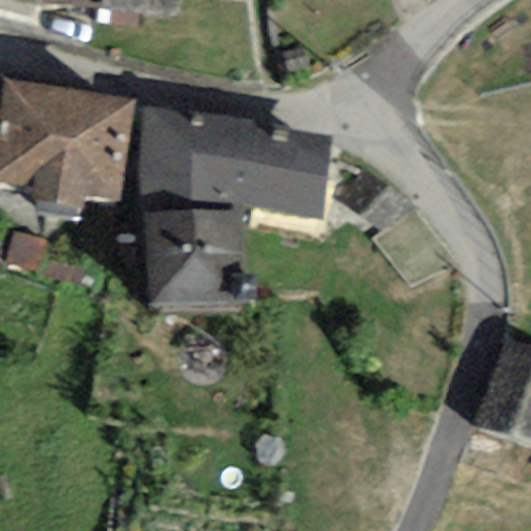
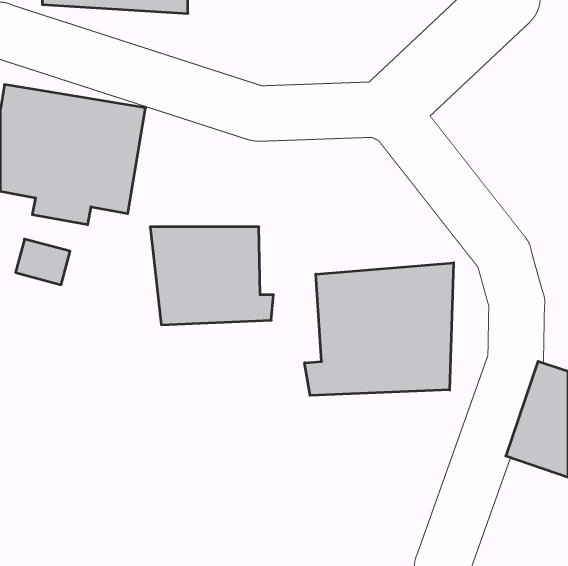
building: [136,106,331,219] -> none
building: none -> [305,263,454,395]

